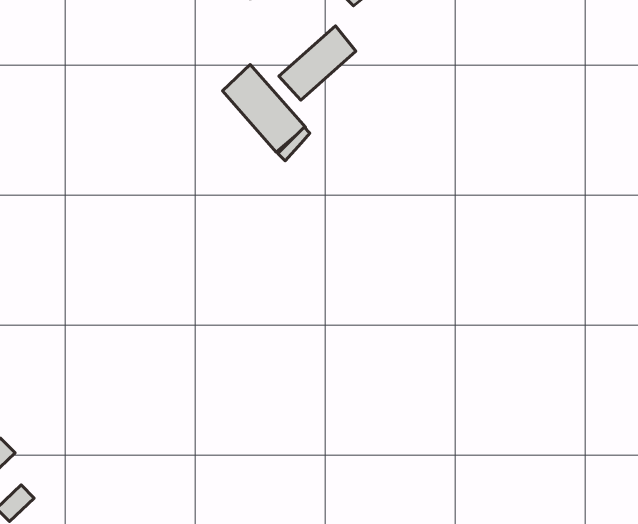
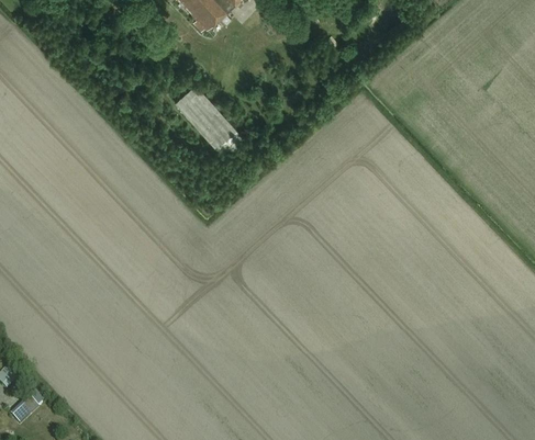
building: [279,26,356,100] -> none

